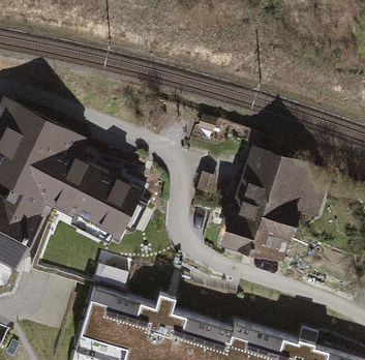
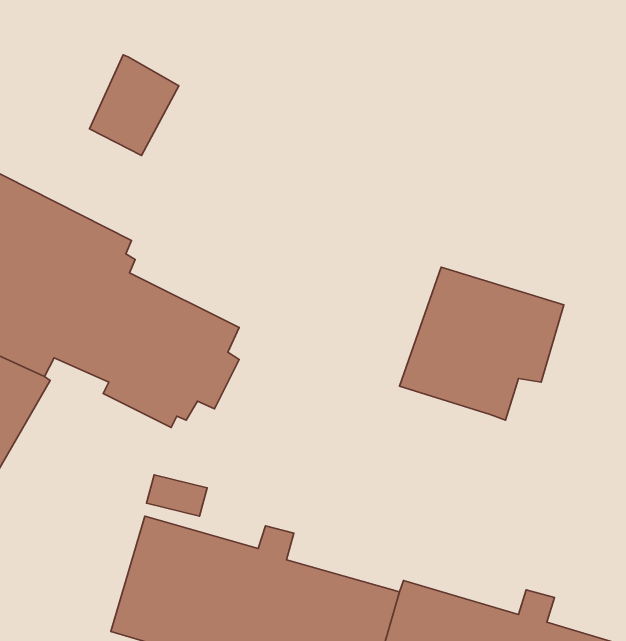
building: none -> [89,55,179,155]
building: [225,218,283,257] -> none

